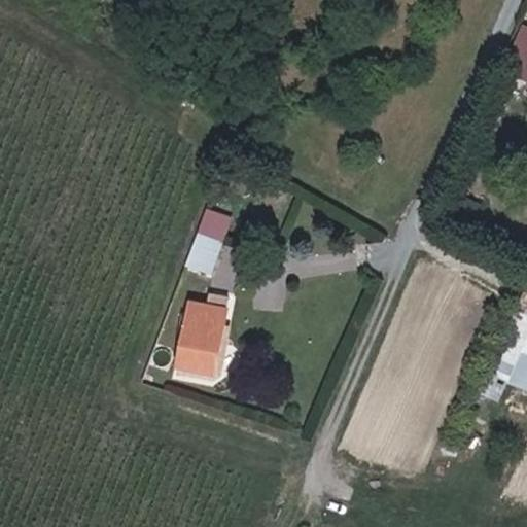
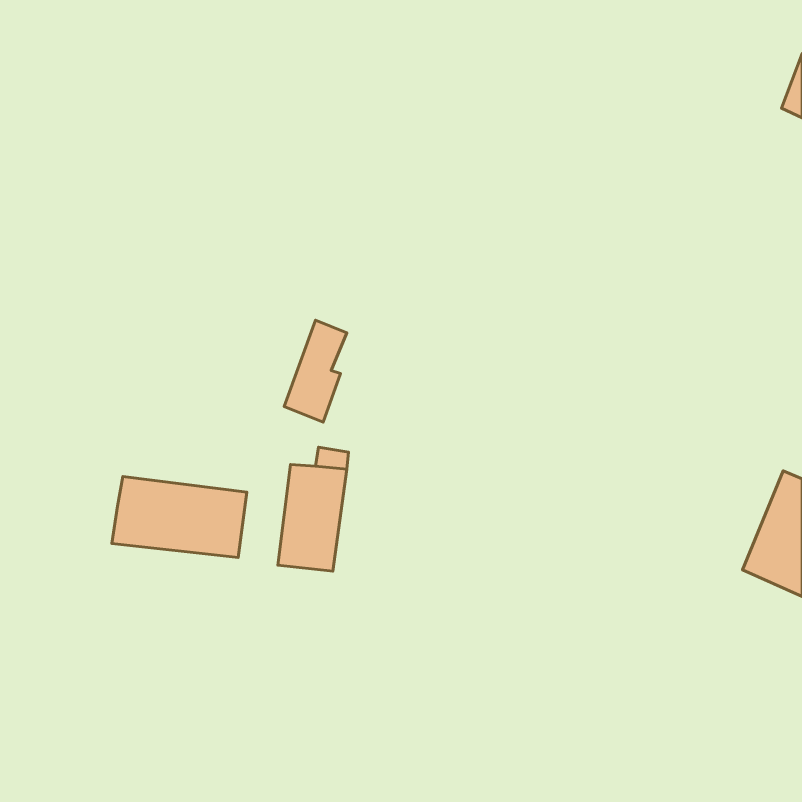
building: none -> [112,477,247,558]

